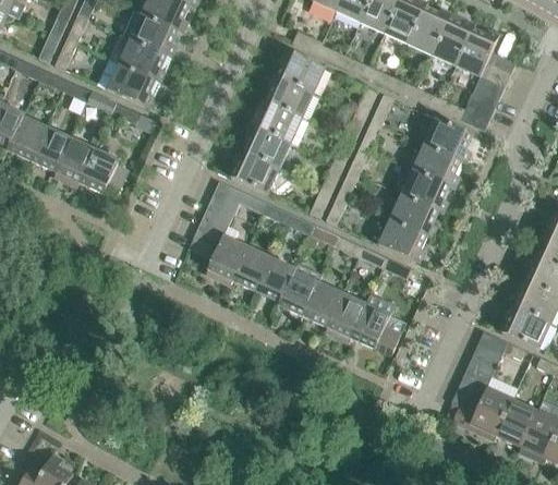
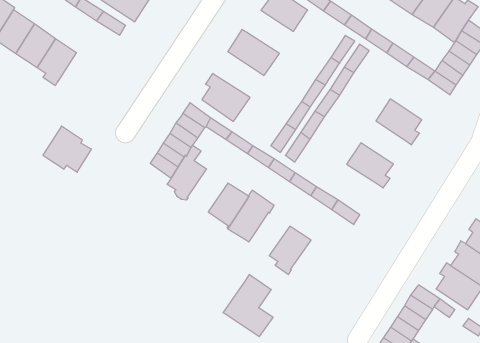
building: [265,72,313,116] -> none
building: [420,112,471,162] -> none
building: [242,122,290,166] -> none
building: [80,148,129,193] -> [43,126,92,172]
building: [400,169,448,213] -> none
building: [378,218,430,262] -> none
building: [231,246,270,290] -> none
building: [302,280,341,325] -> none
building: [349,292,401,354] -> [223,274,273,337]

